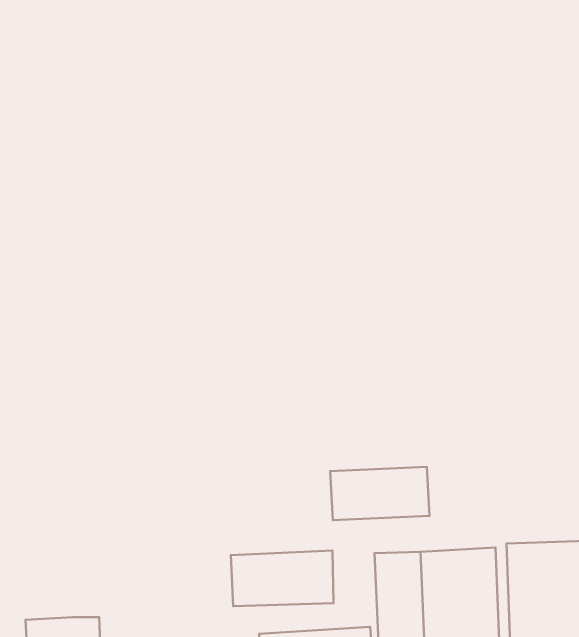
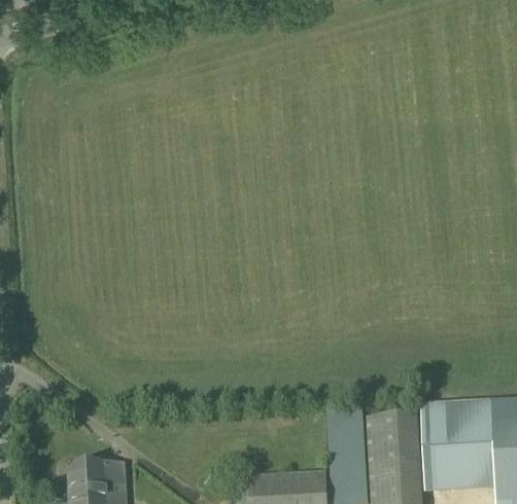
building: [330,467,429,520] -> none
building: [231,550,334,606] -> none

